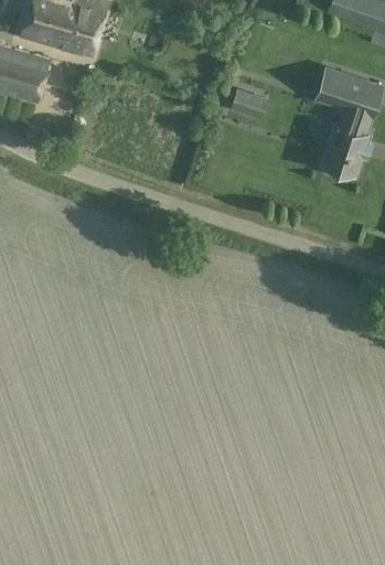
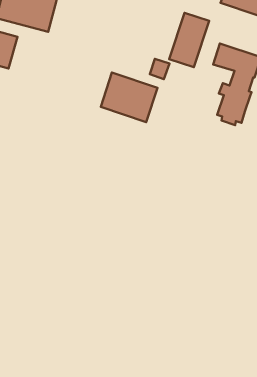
building: none -> [169,13,209,67]
building: none -> [101,73,157,122]

